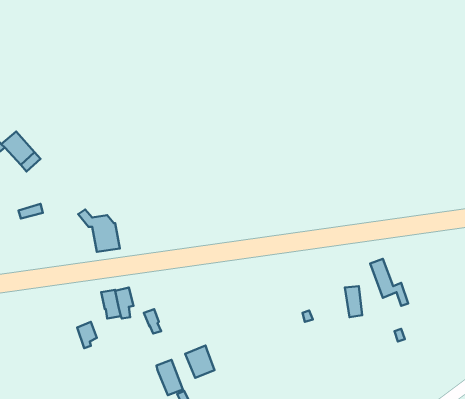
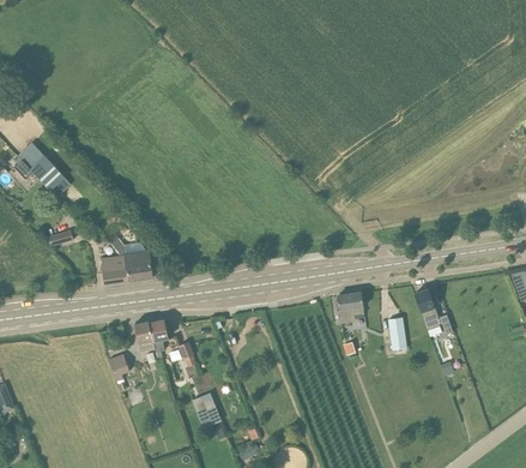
building: none -> [102,254,129,283]
building: none -> [337,292,364,323]
building: [185,345,215,378] -> none

